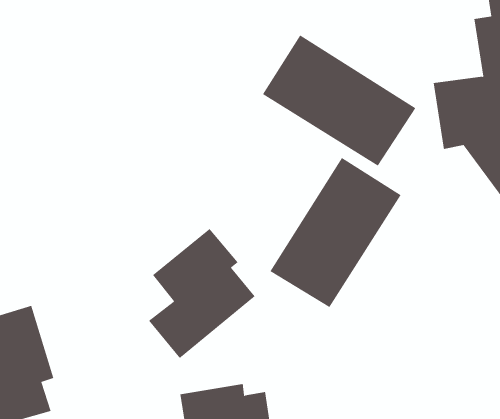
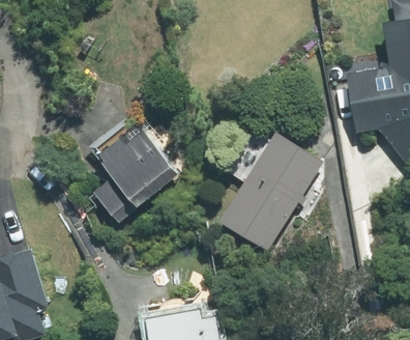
building: [262,34,416,167] -> none
building: [148,228,255,359] -> [93,119,178,223]

